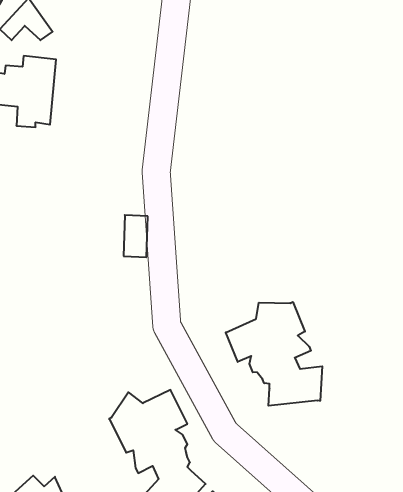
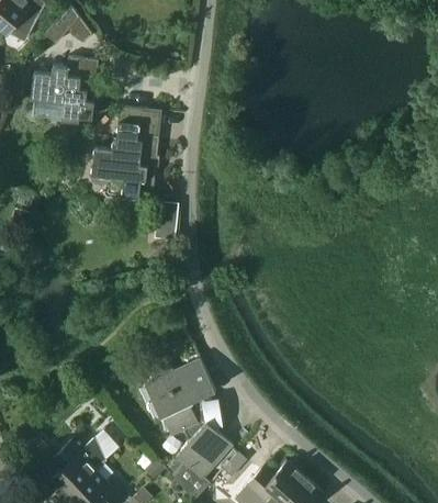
building: none -> [91,105,158,198]
building: [226,302,322,406] -> none

